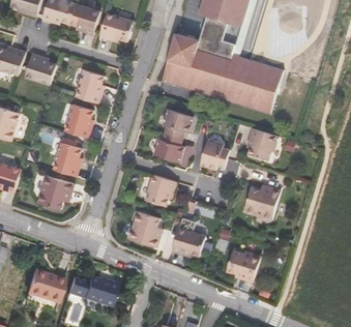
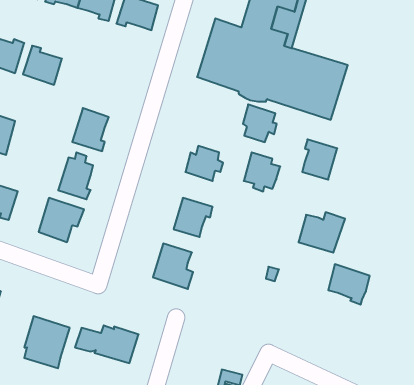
building: [76,68,104,102] -> none
building: [164,108,191,138] -> [243,104,277,142]
building: [171,217,205,256] -> none
building: [227,249,260,281] -> [328,264,370,305]

